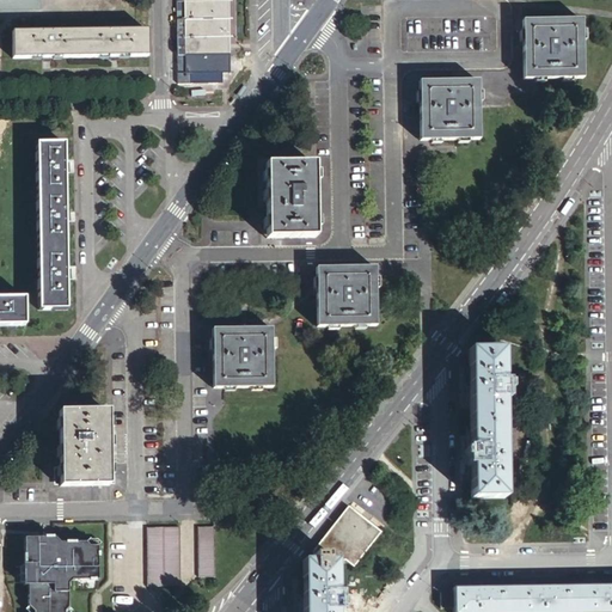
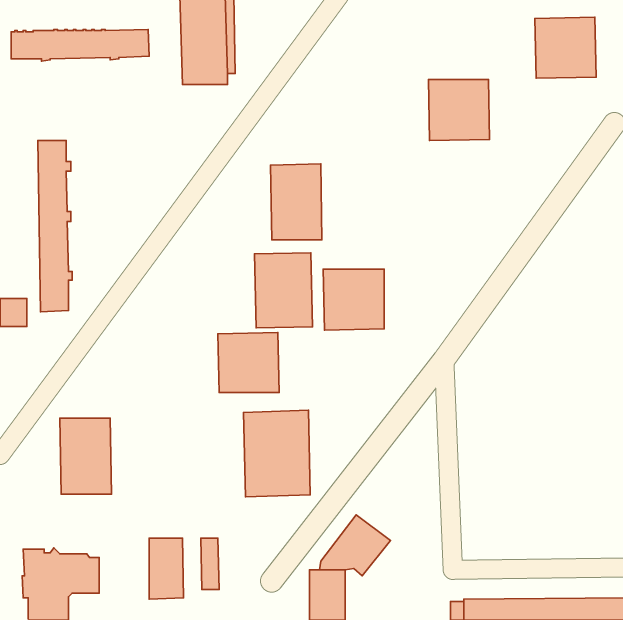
building: none -> [255,253,312,328]
building: [472,345,507,496] -> none
building: none -> [244,410,310,497]

